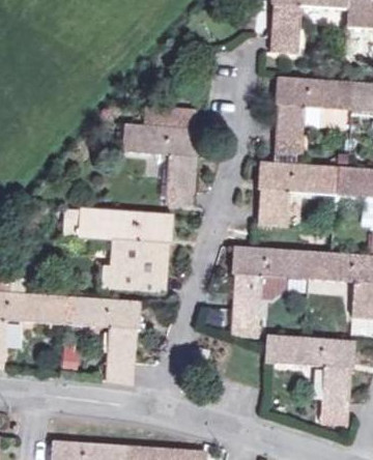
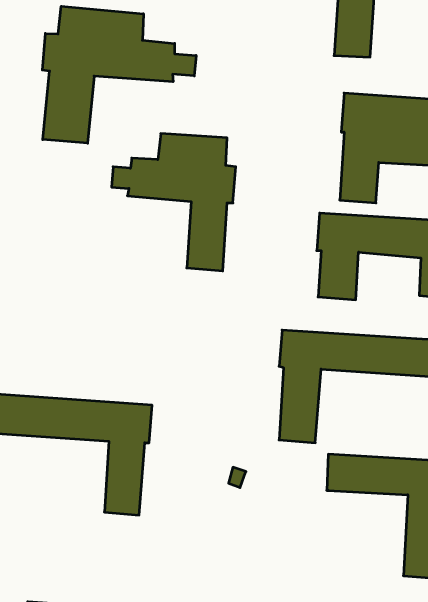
building: none -> [42,6,196,143]
building: [65,208,172,290] -> none

